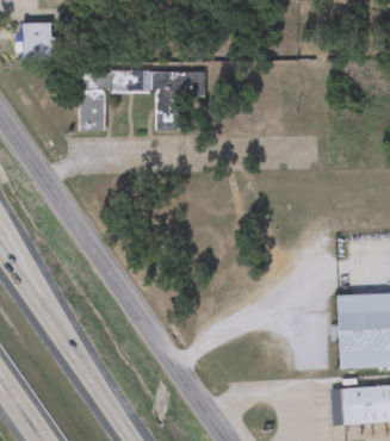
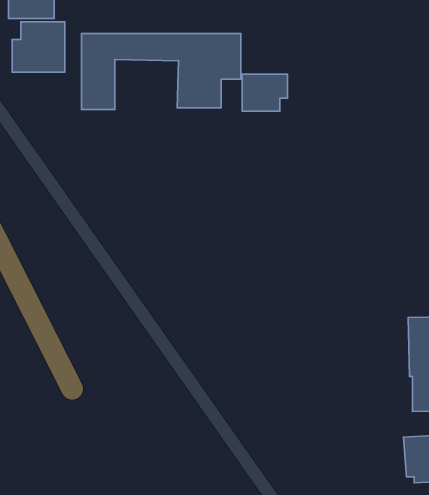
building: none -> [12,22,65,72]
building: none -> [242,74,287,111]

